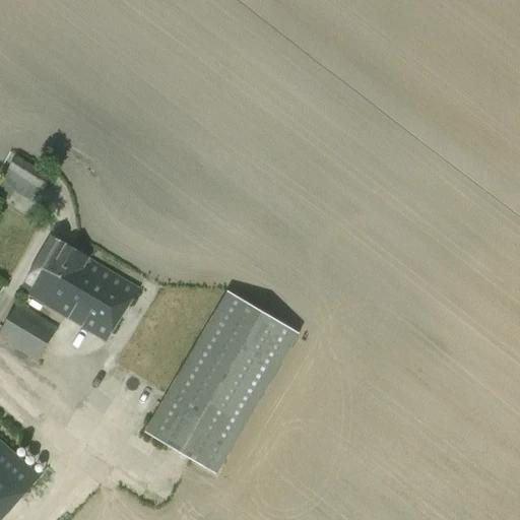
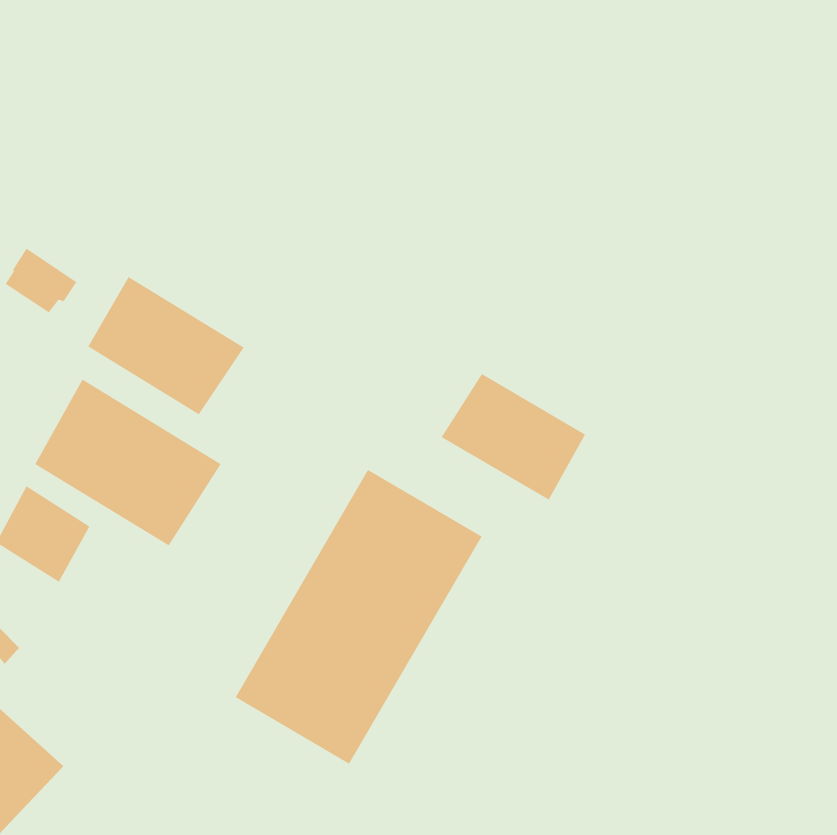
building: none -> [87,276,245,415]
building: none -> [441,373,586,501]

